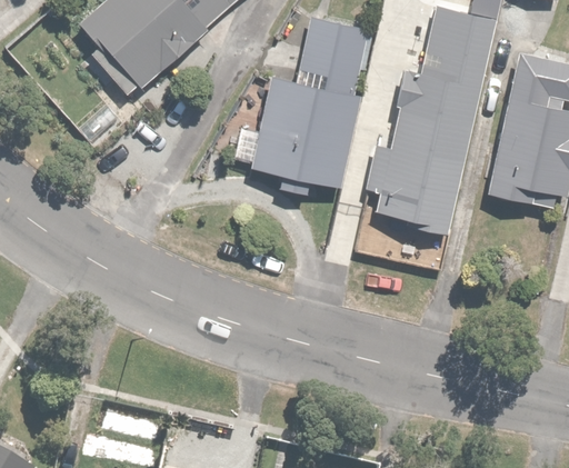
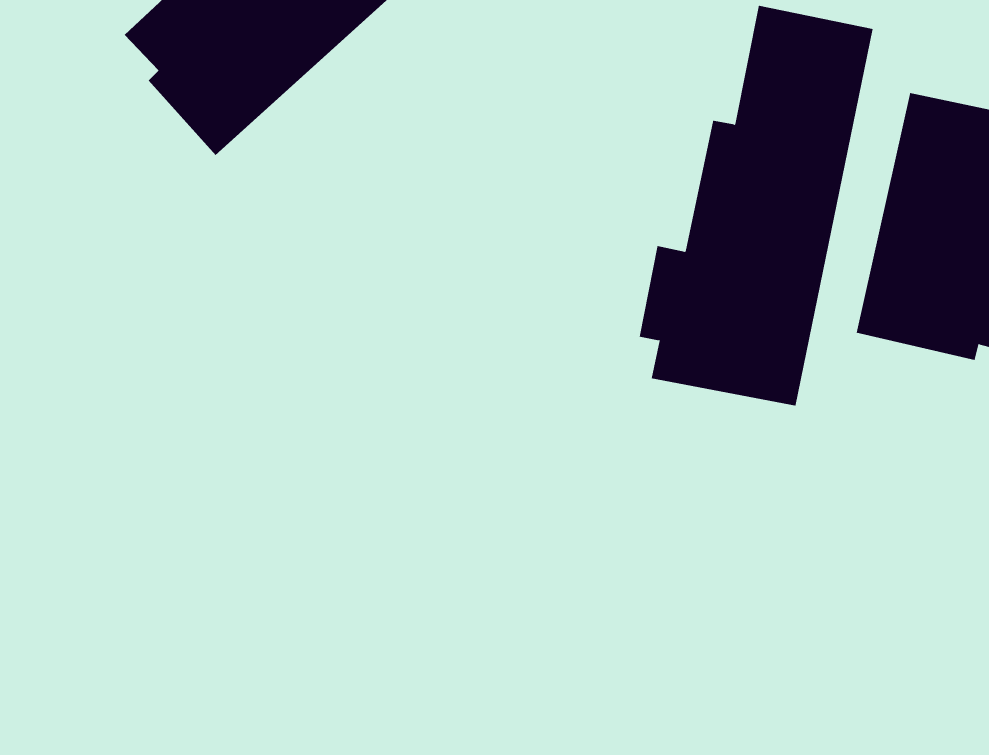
building: [232,13,369,187] -> none

